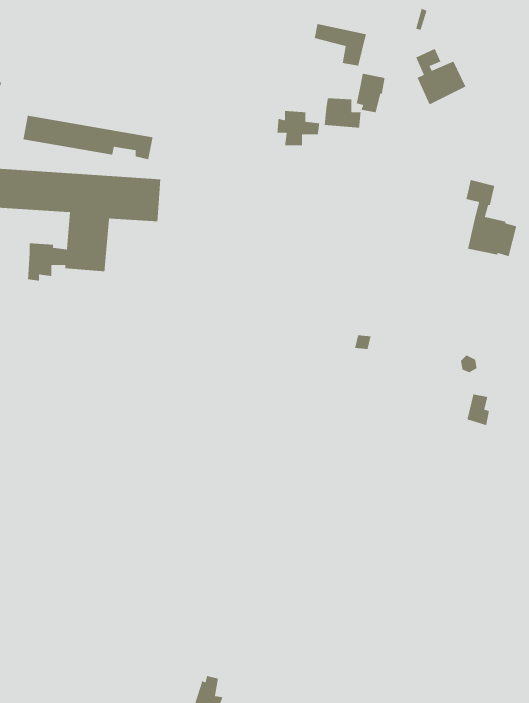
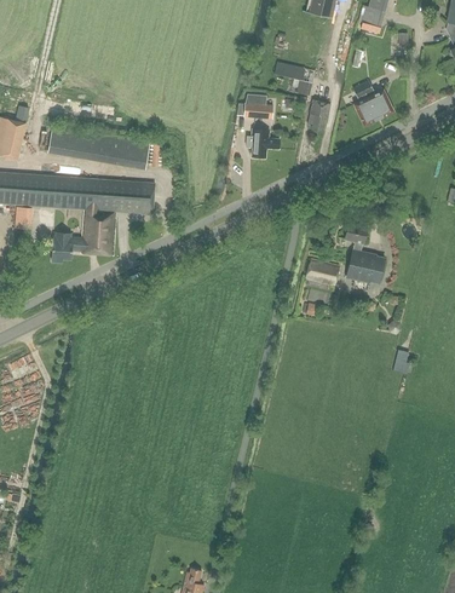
building: [324,97,361,128] -> [244,93,273,117]
building: [466,179,517,257] -> [345,221,385,282]
building: none -> [306,259,339,284]

